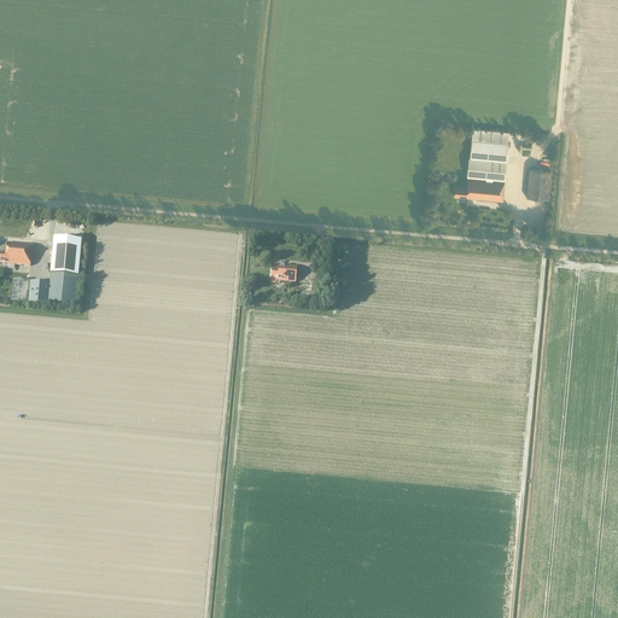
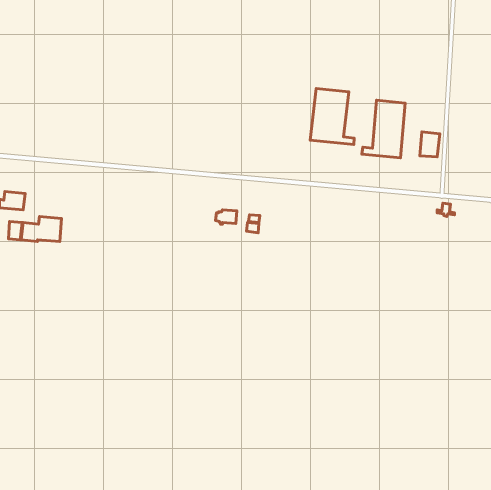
building: none -> [310,88,354,144]
building: [49,235,81,274] -> none

